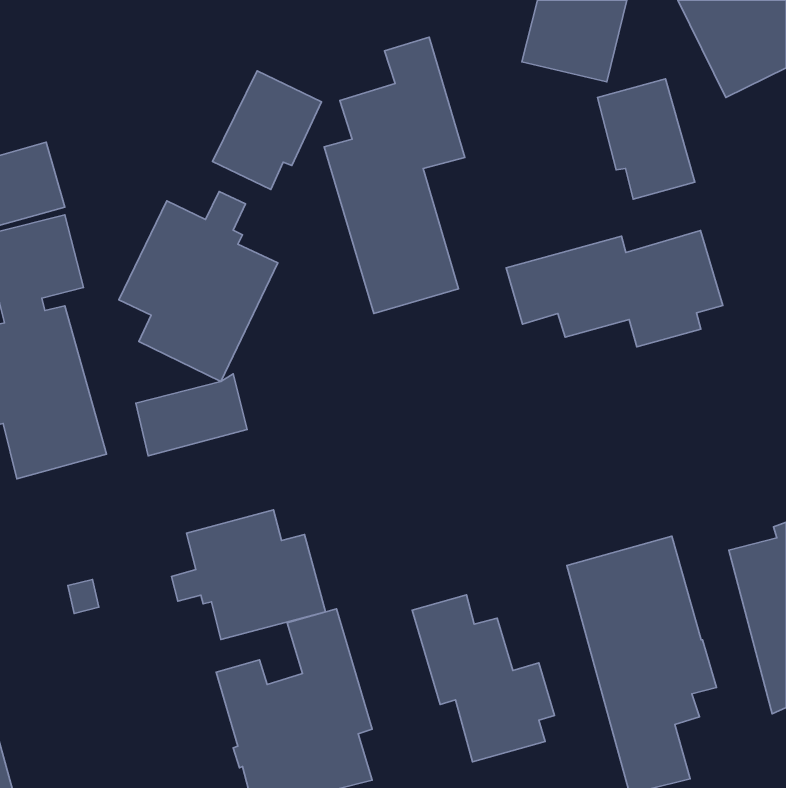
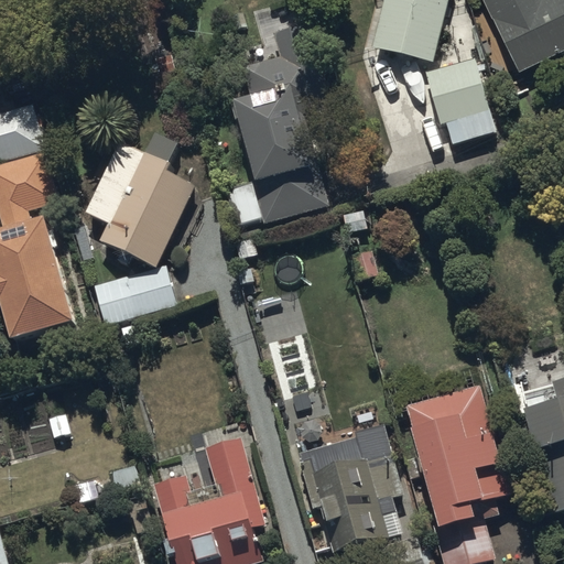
building: [213,71,321,190] -> none
building: [506,231,723,347] -> none
building: [171,510,325,639] -> none

